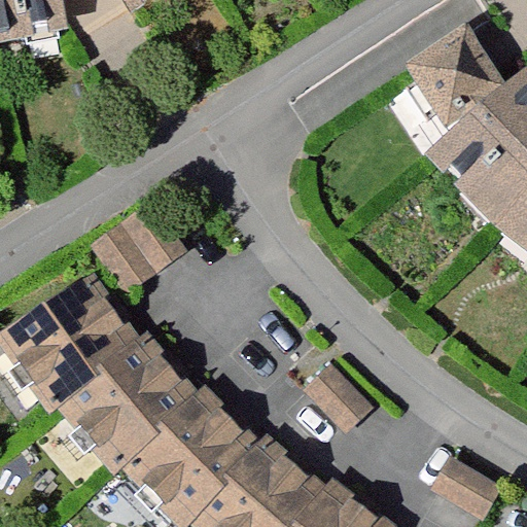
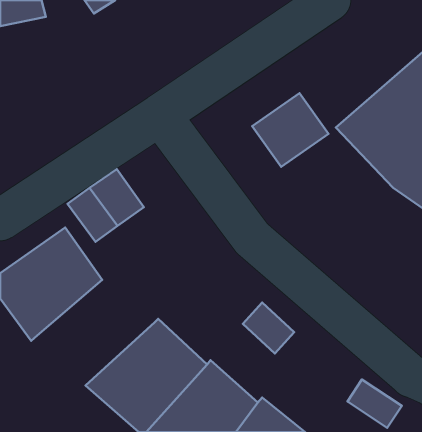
building: [405,29,497,118] -> [252,93,328,167]
building: [58,336,201,473] -> none

